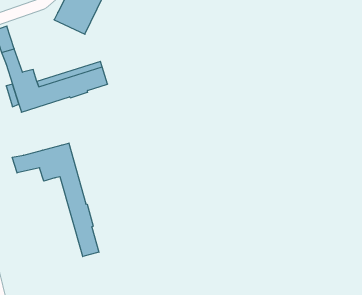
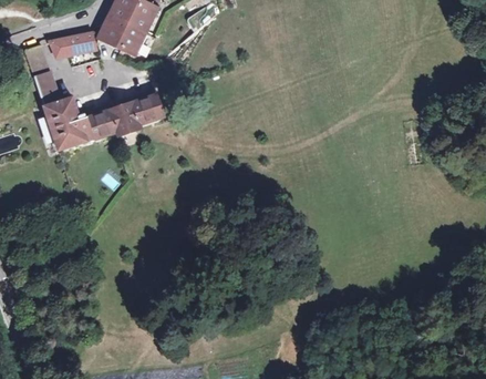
building: none -> [50,31,97,59]
building: [12,143,99,257] -> none

